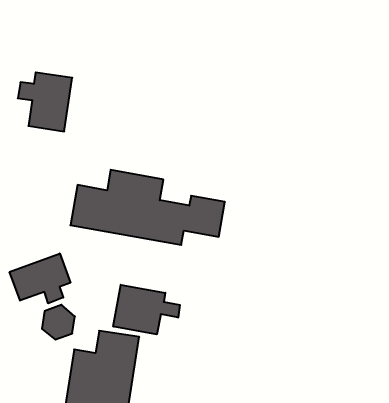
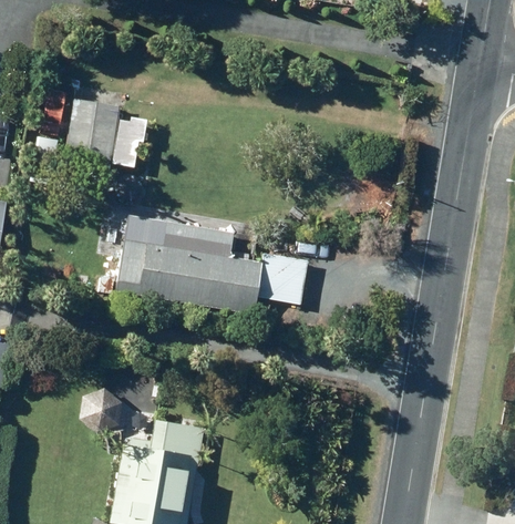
building: [10,253,70,303] -> none
building: [113,285,180,334] -> none

